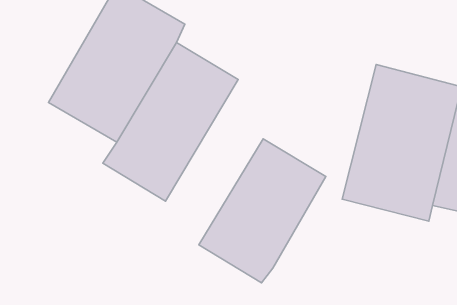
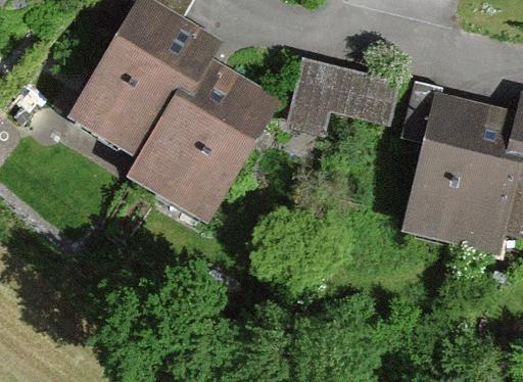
building: none -> [293,53,405,123]
building: [199,139,326,283] -> none

